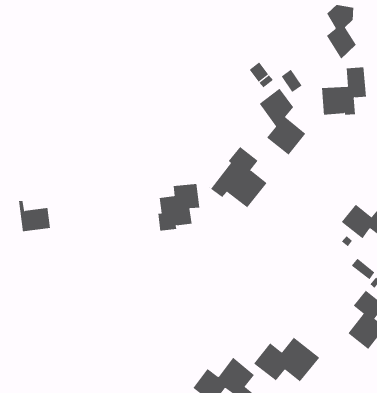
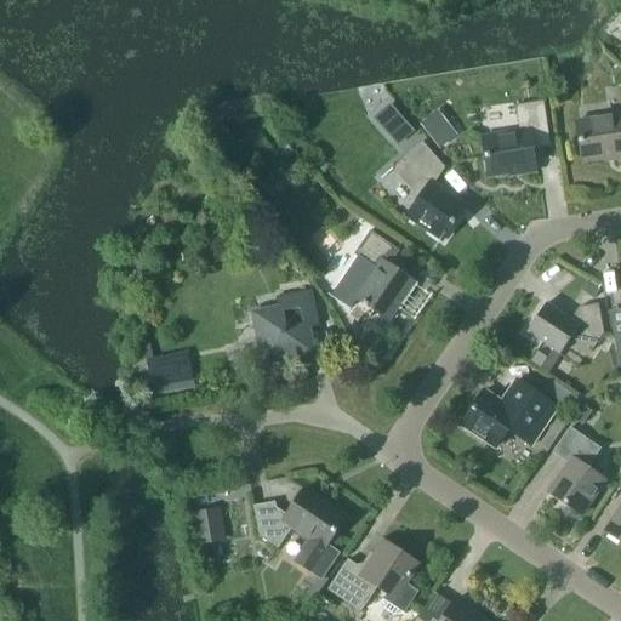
building: [326,4,357,60] -> none
building: [18,200,51,232] -> [142,341,193,387]
building: none -> [253,486,346,576]
building: none -> [192,506,226,543]
building: [253,337,320,382] -> [461,378,558,445]

